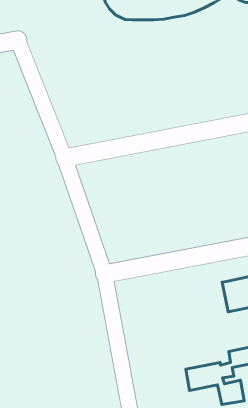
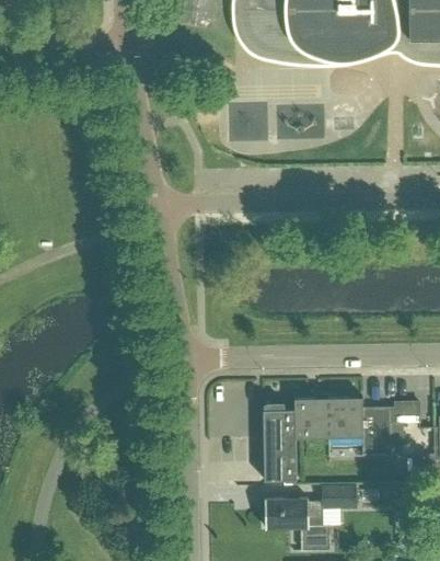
building: none -> [264,398,329,480]

